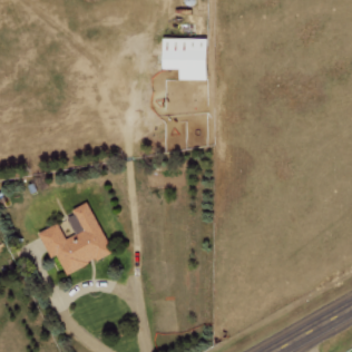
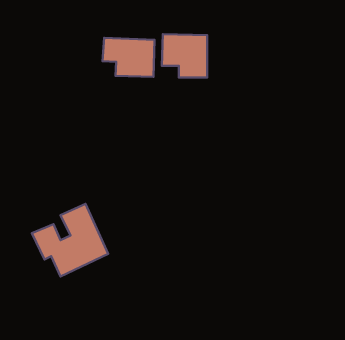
building: none -> [103,38,155,77]

